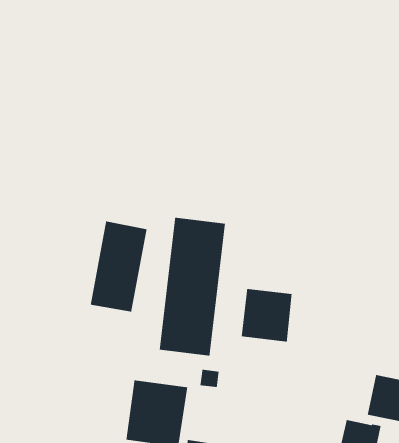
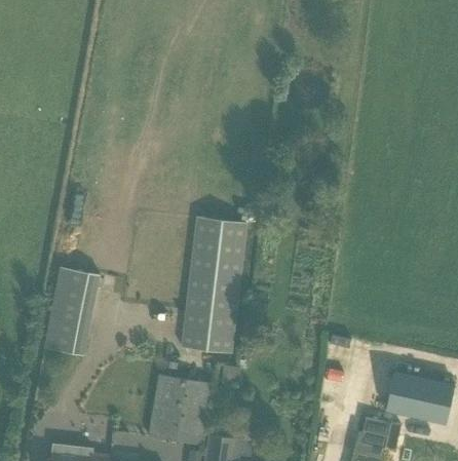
building: [90,220,147,313] -> [47,265,104,355]
building: [241,288,292,343] -> none

